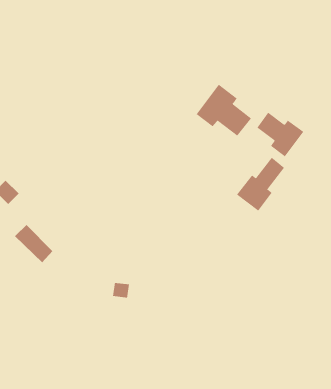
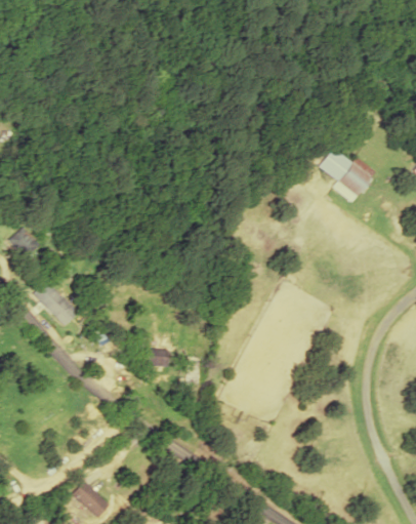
building: [196,84,252,137] -> none
building: [236,157,285,212] -> none

